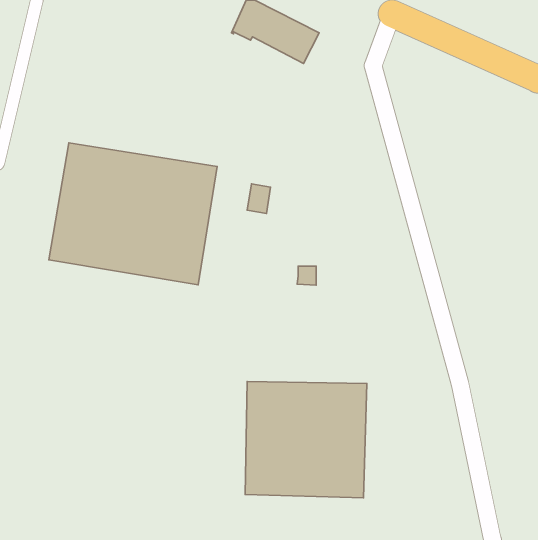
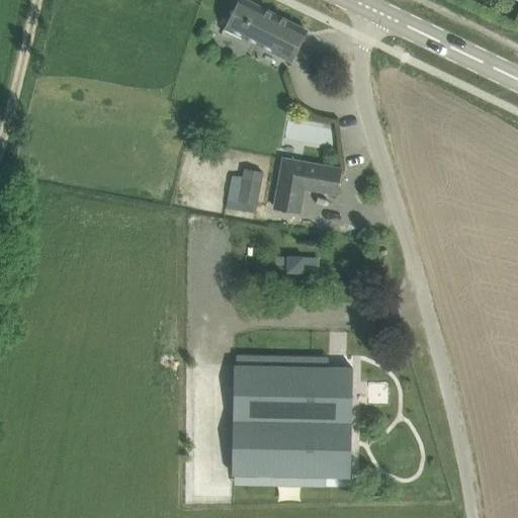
building: [49,143,217,285] -> none
building: none -> [273,158,339,211]

